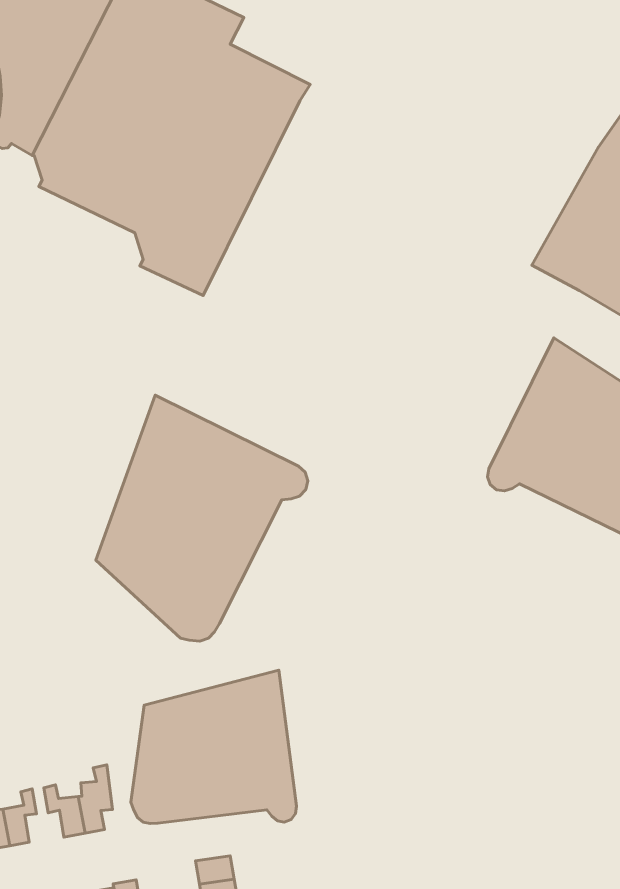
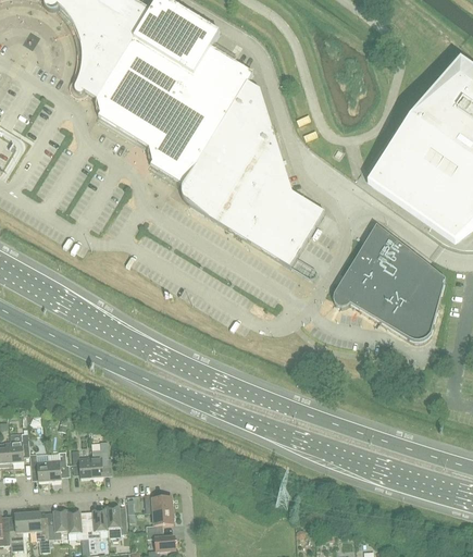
building: none -> [181,79,324,265]
building: [96,395,308,641] -> none
building: [131,670,297,824] -> none

